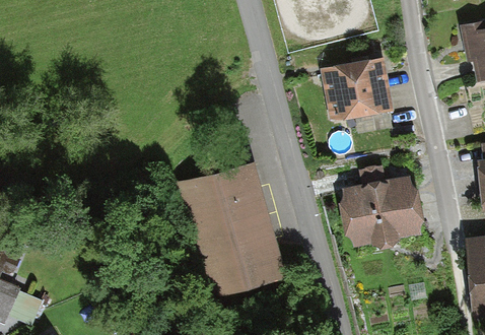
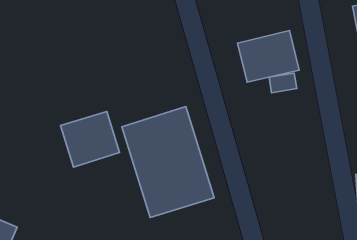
building: none -> [61,111,119,167]
building: [339,175,424,248] -> none

